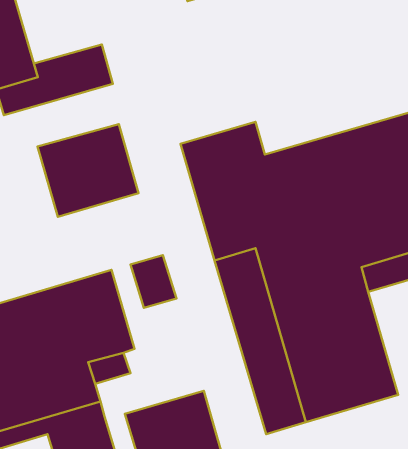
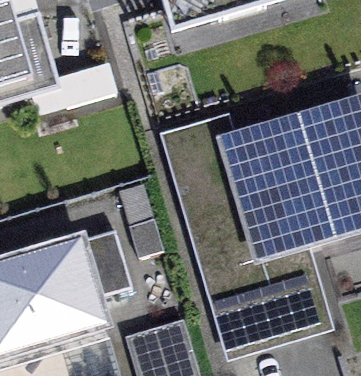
building: [37,124,138,217] -> none

